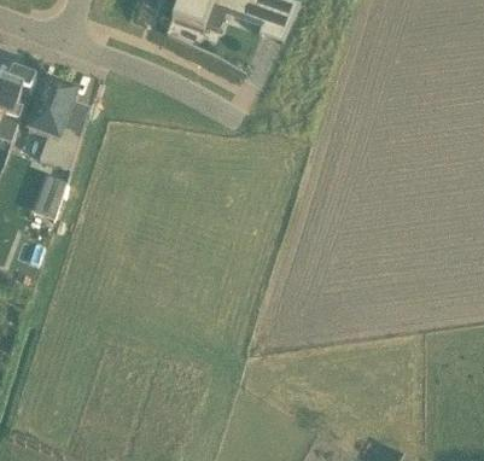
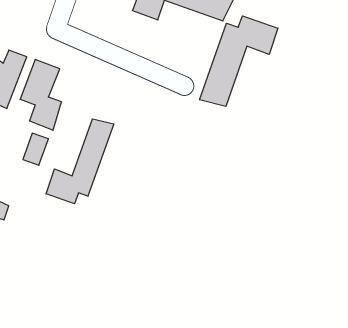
building: none -> [199,16,278,106]
building: none -> [46,119,114,204]

